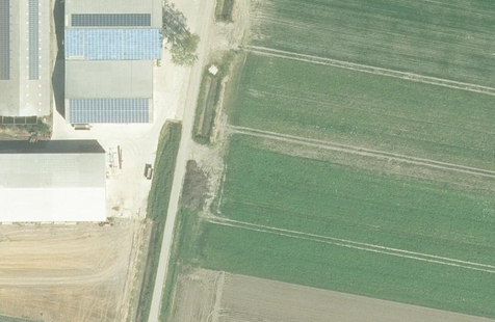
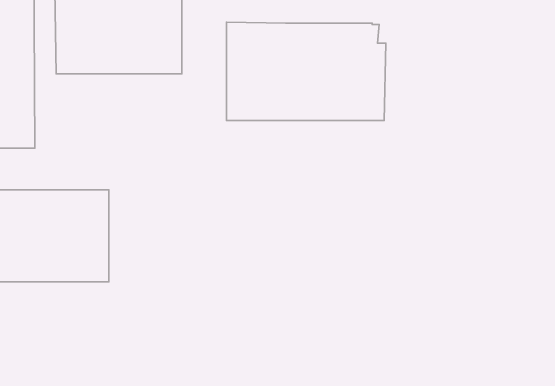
building: none -> [226,22,386,120]
building: [63,60,151,123] -> none

